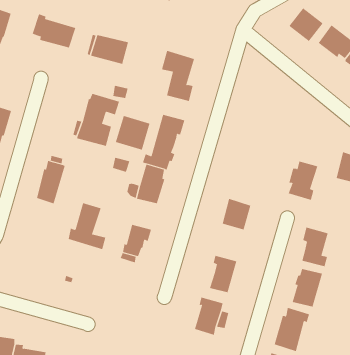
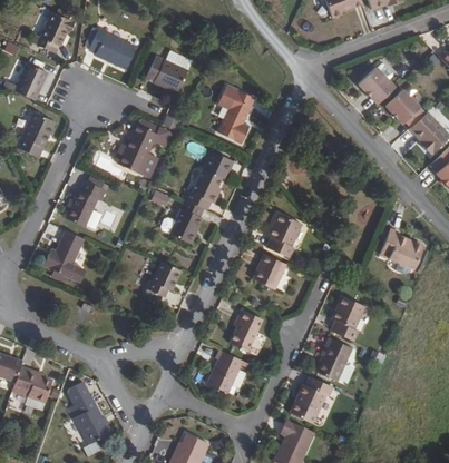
building: [115,115,150,150] -> none
building: [288,161,318,201] -> [267,211,303,255]
building: [68,203,106,250] -> [43,231,84,284]

